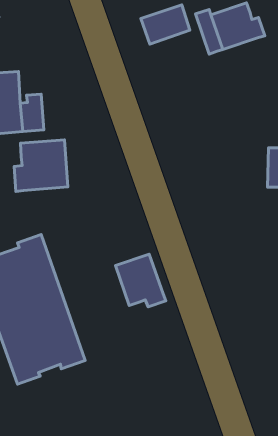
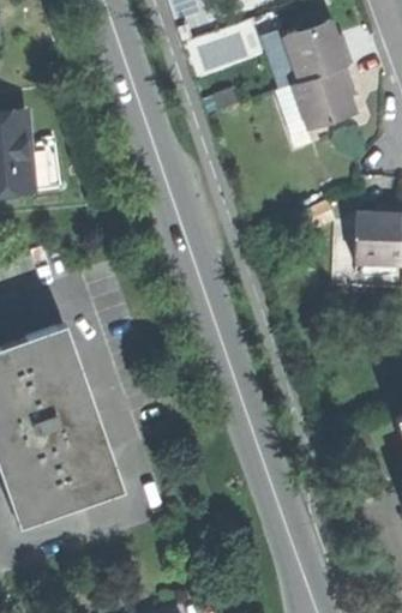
building: none -> [289,68,353,132]
building: [14,140,68,191] -> none
building: [115,254,166,307] -> none

